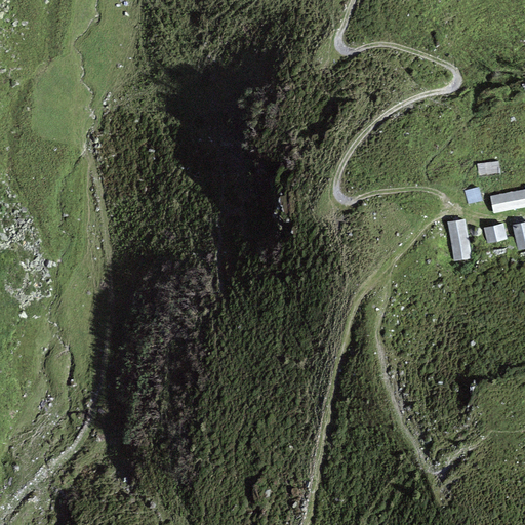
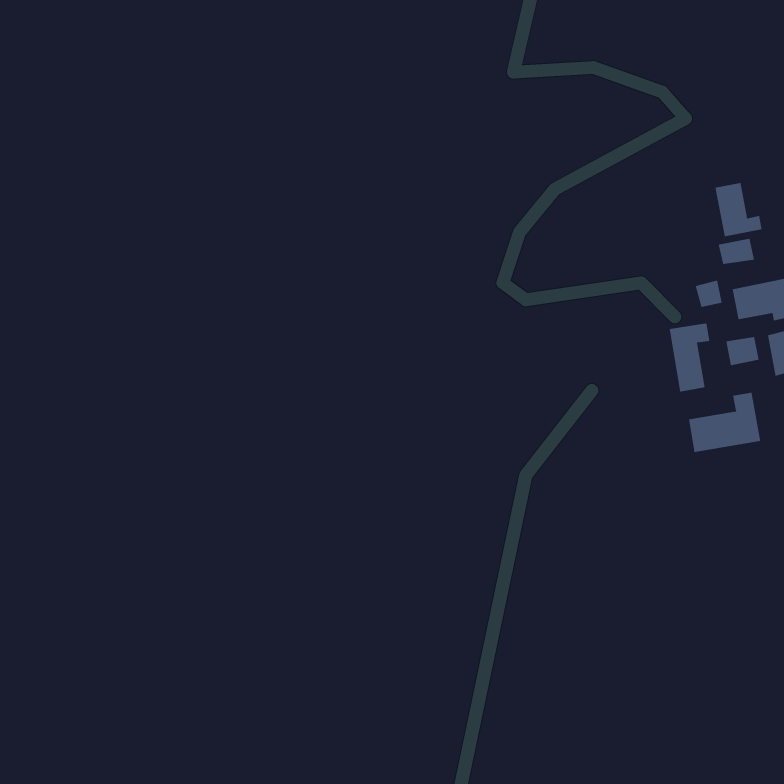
building: none -> [715,182,762,237]
building: none -> [689,392,761,453]

